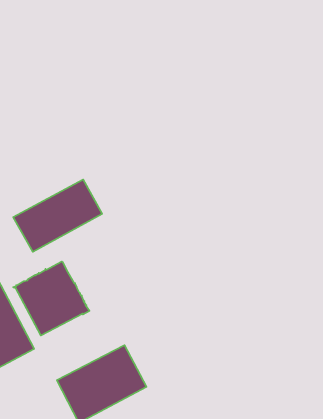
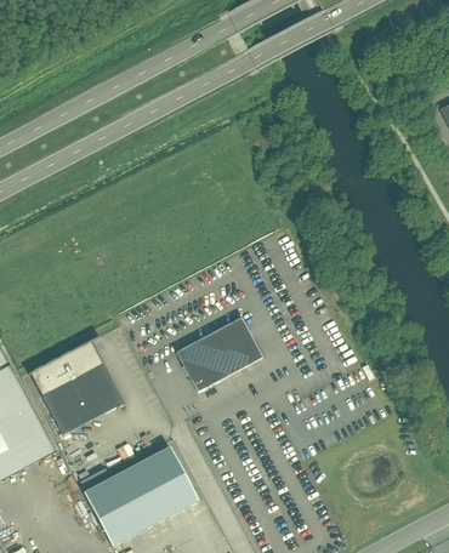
building: [13,179,102,252] -> none
building: none -> [176,315,262,390]

